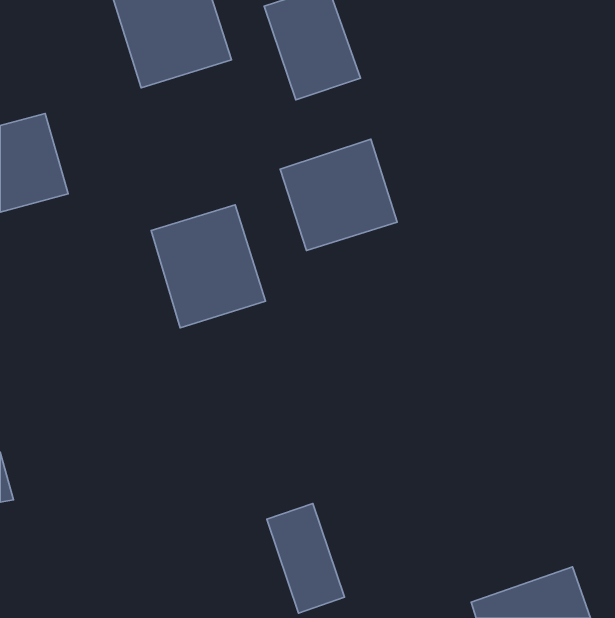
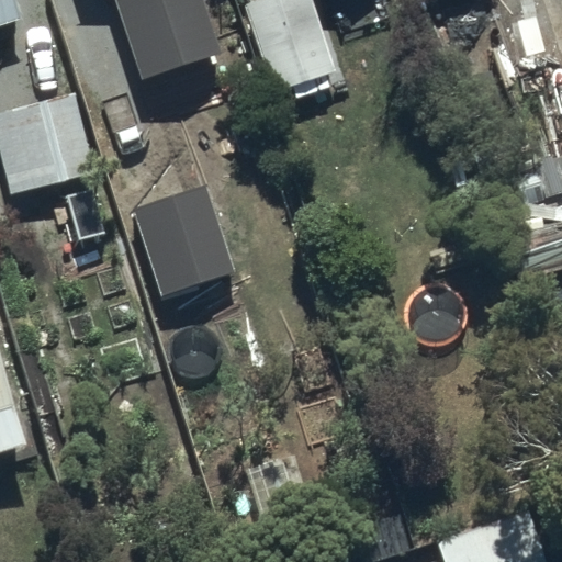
building: [280,139,397,250] -> none

